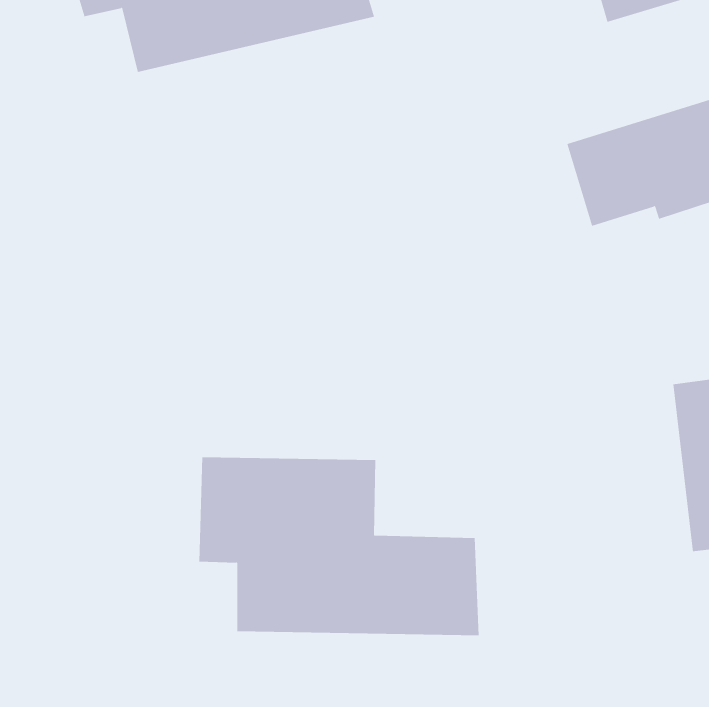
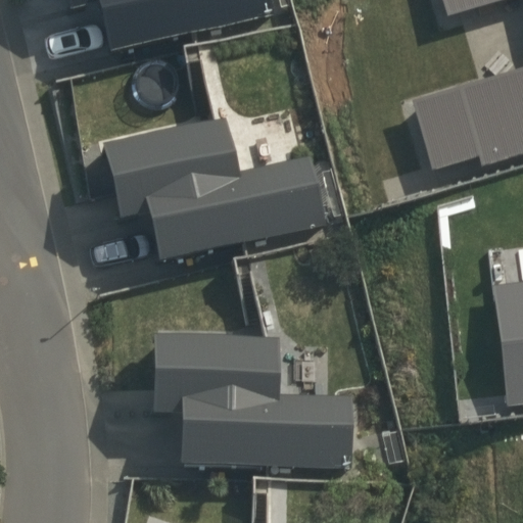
building: none -> [101,114,330,260]

